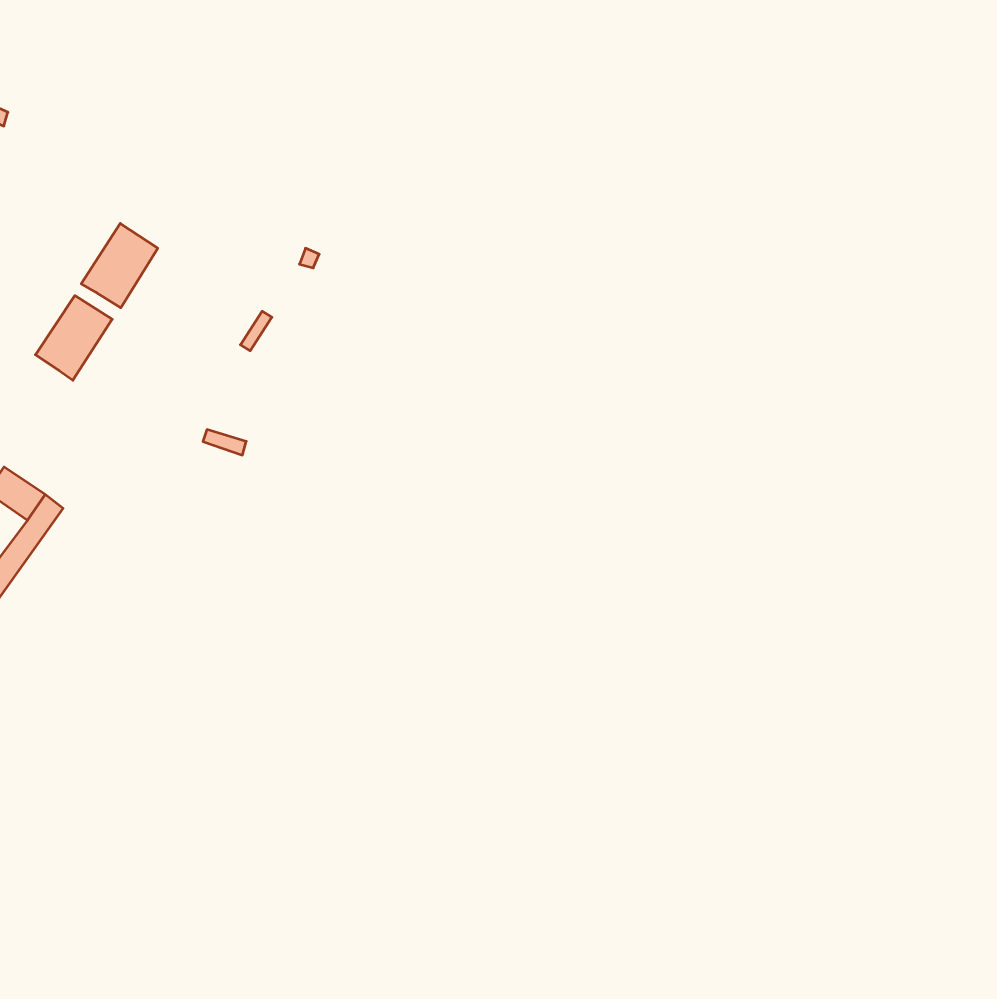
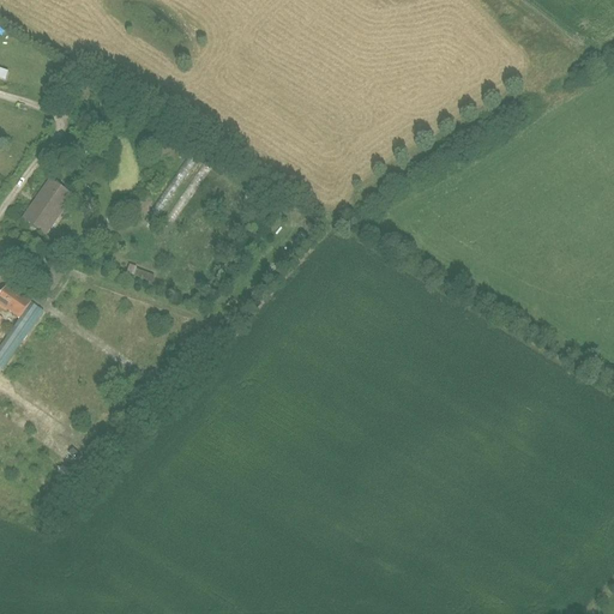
building: [81,223,158,308] -> none

